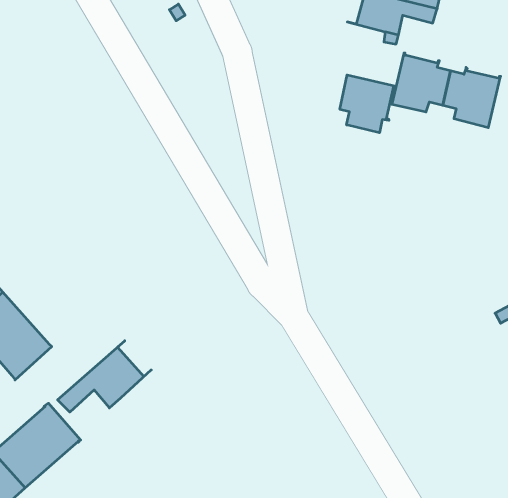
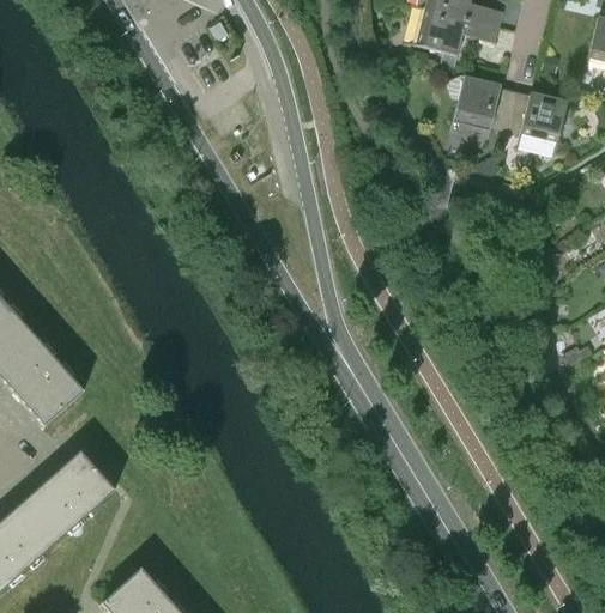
building: [340,75,396,133] -> none
building: [58,341,151,412] -> none

